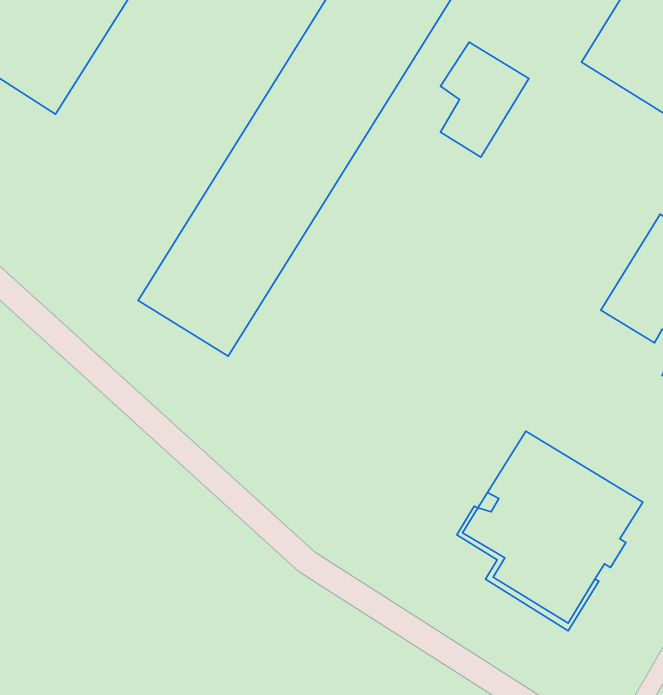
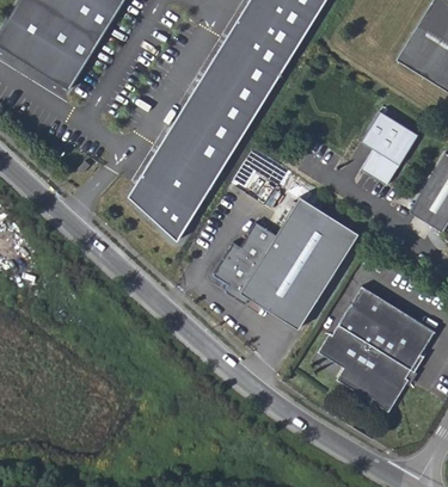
building: [440,42,529,157] -> [361,113,416,185]
building: none -> [213,197,358,328]

